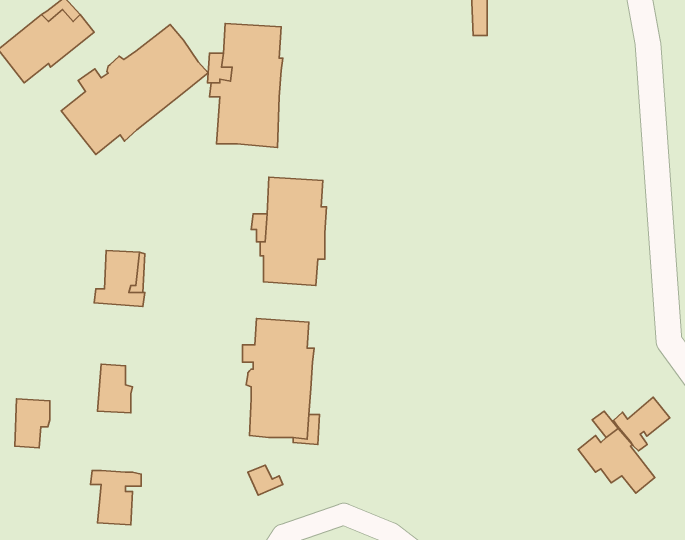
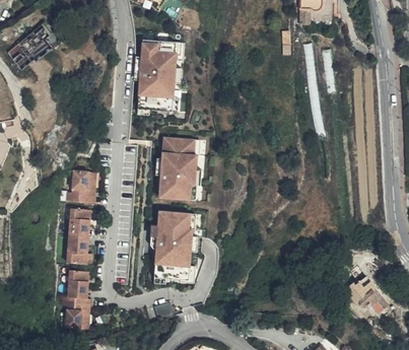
building: [61,25,208,154] -> none
building: none -> [68,213,88,241]
building: [613,397,670,451] -> none
building: [15,399,50,448] -> [68,275,88,303]

